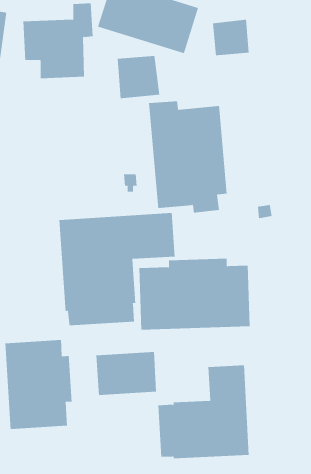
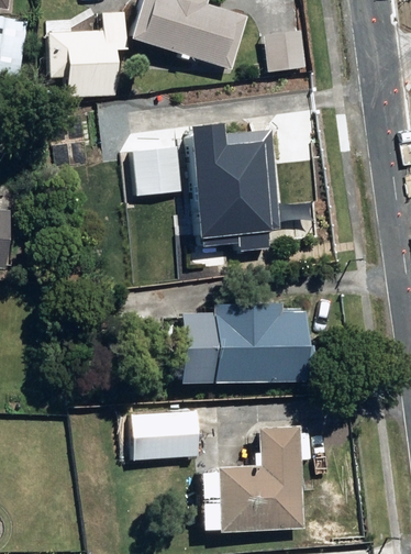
building: [117,56,160,99] -> [132,146,181,196]
building: [59,212,175,326] -> none
building: [5,339,72,430] -> none

